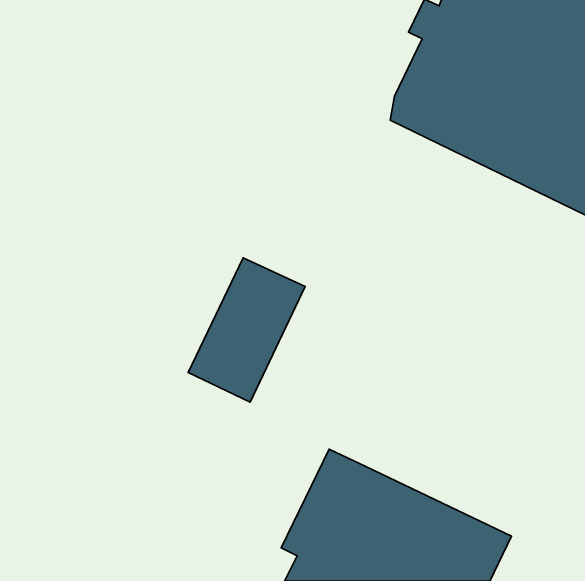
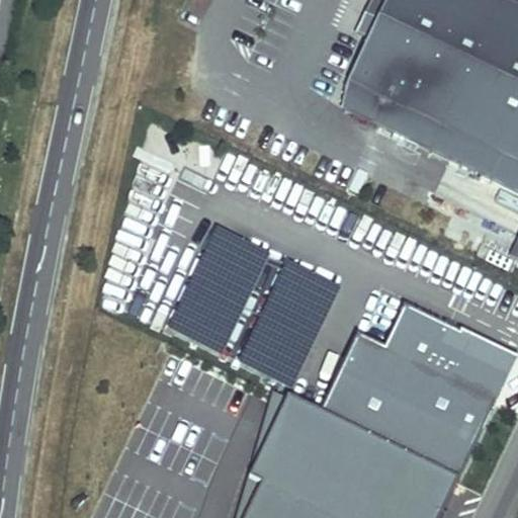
building: none -> [237,261,340,390]
building: none -> [324,305,510,473]

